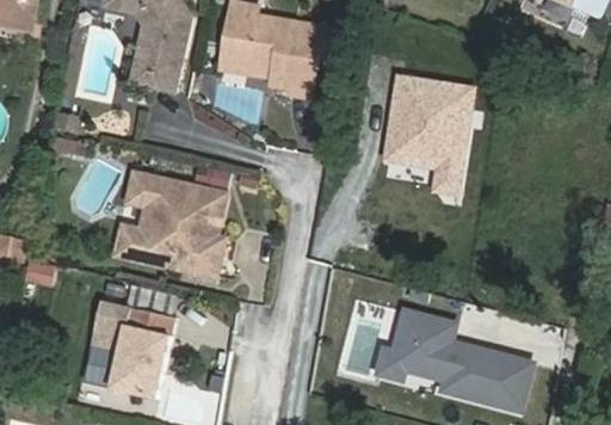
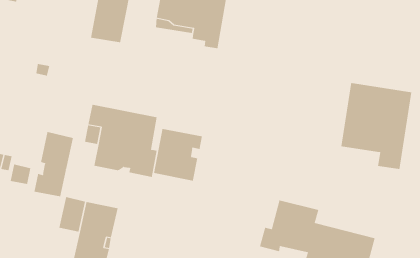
building: [374,72,474,193] -> [340,83,412,170]
building: none -> [153,128,202,181]
building: none -> [34,131,74,197]

